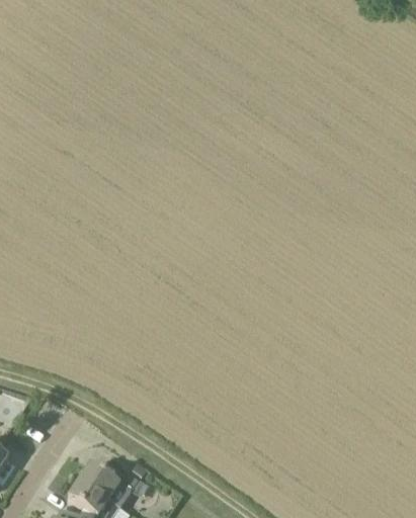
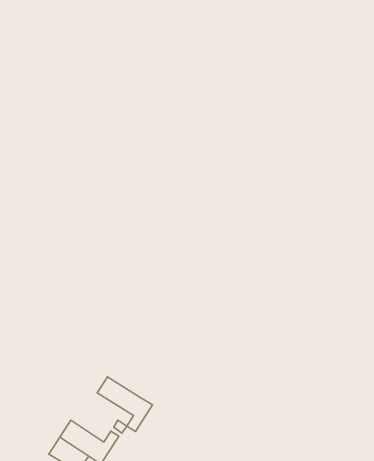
building: none -> [97,377,152,432]

